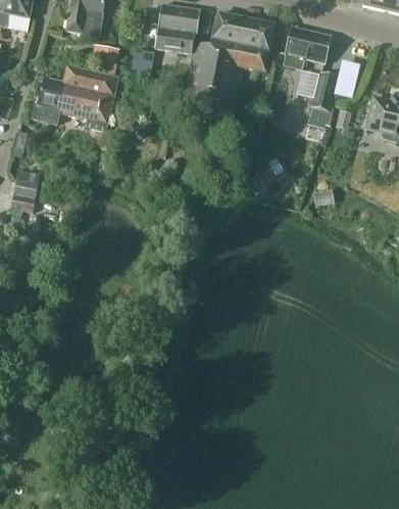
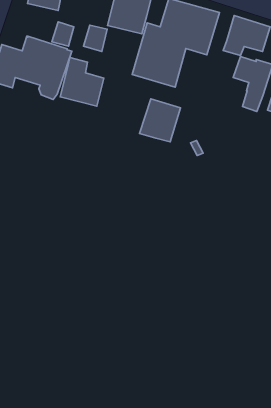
building: none -> [60,58,104,106]
building: none -> [139,99,180,142]

